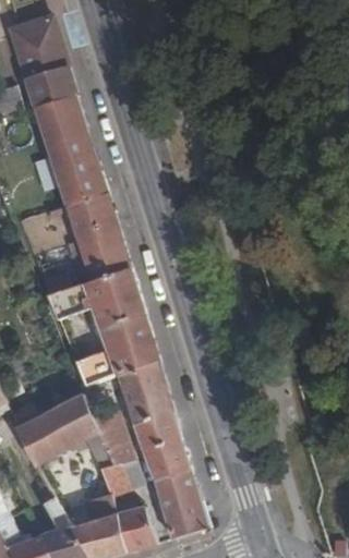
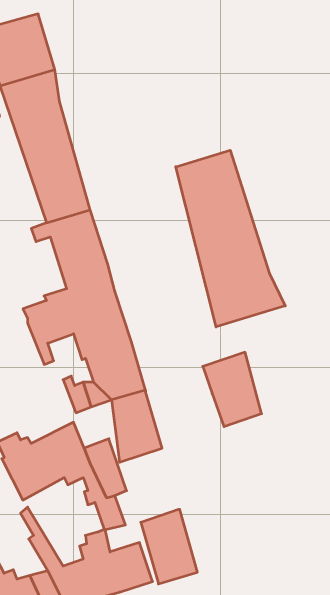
building: none -> [176,150,285,327]
building: [132,415,186,484] -> [203,352,262,427]

